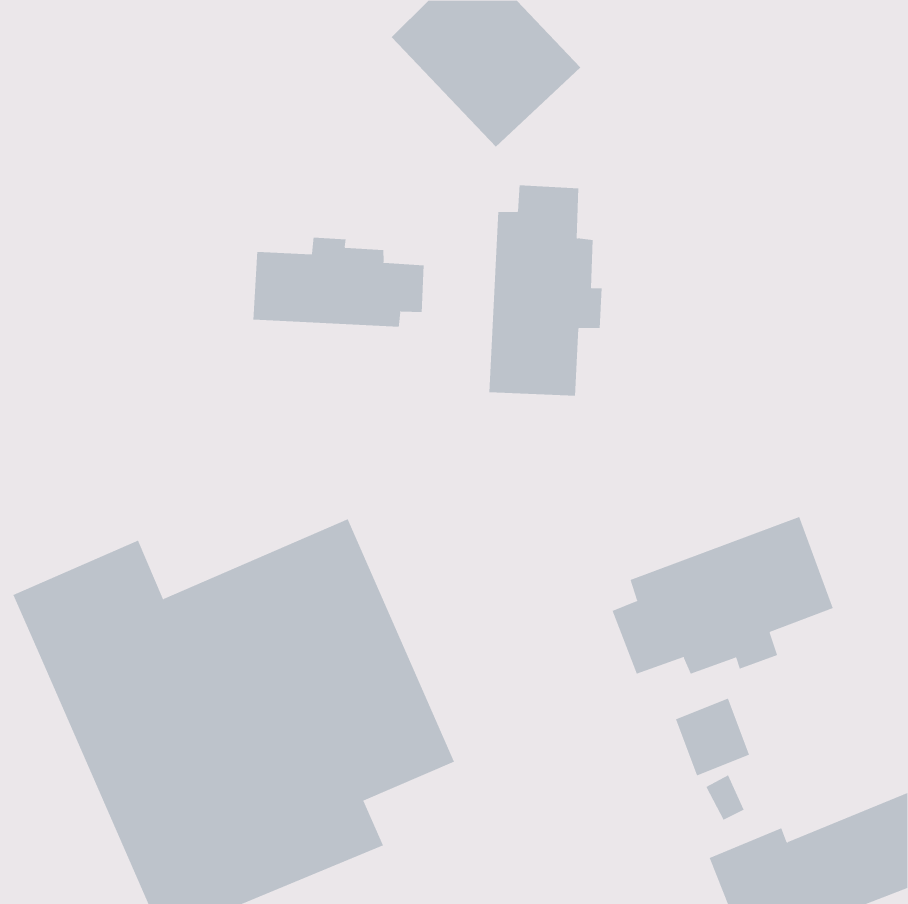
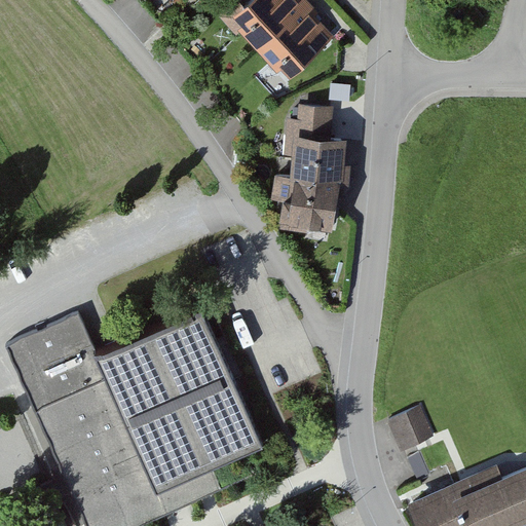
building: [253,237,424,327] -> none
building: [612,516,833,674] -> none

